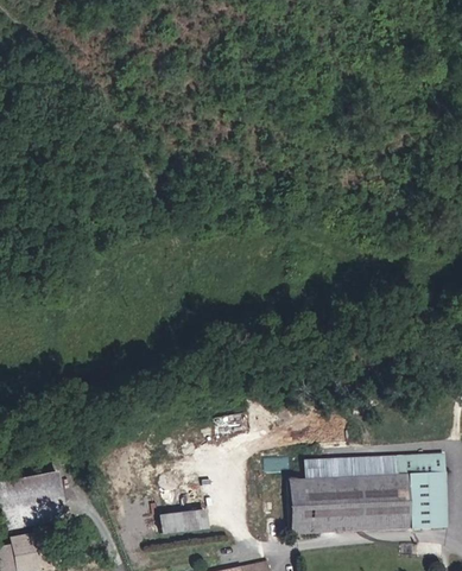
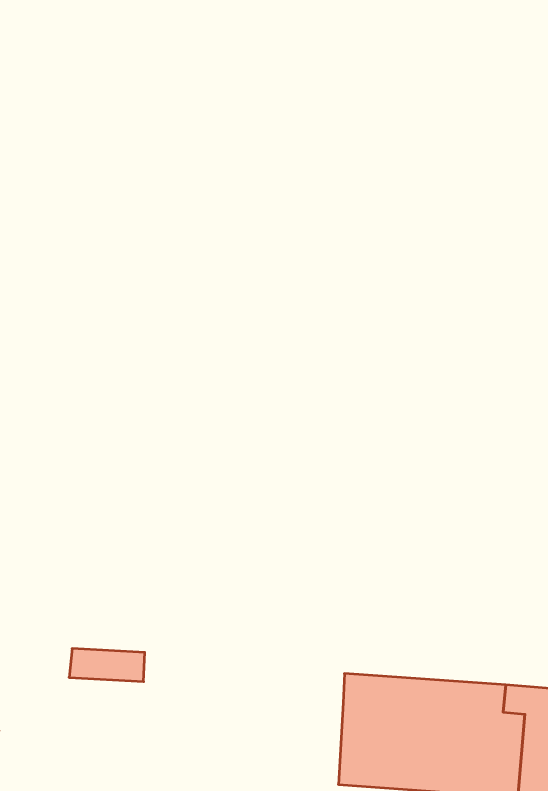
building: [157,510,205,532] -> [69,649,145,682]

